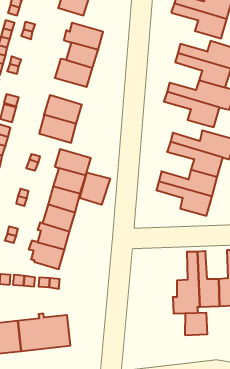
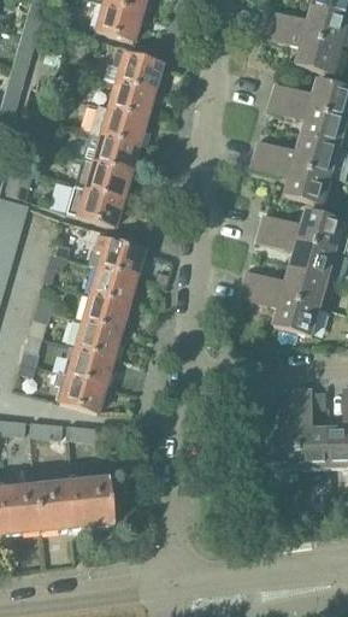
building: none -> [83,131,137,171]
building: [80,172,110,205] -> none
building: [185,313,207,335] -> none

